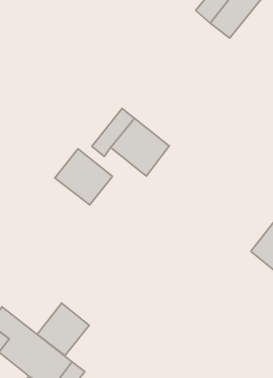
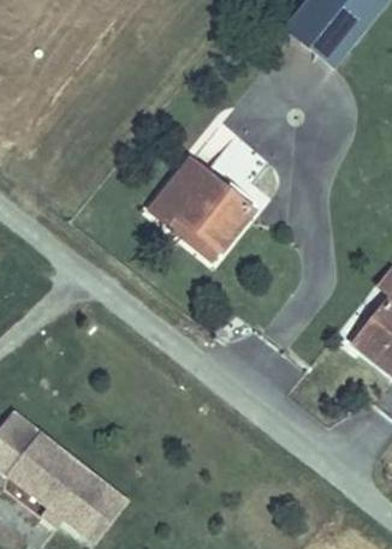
building: [55,149,112,205] -> none
building: [37,303,89,356] -> none

